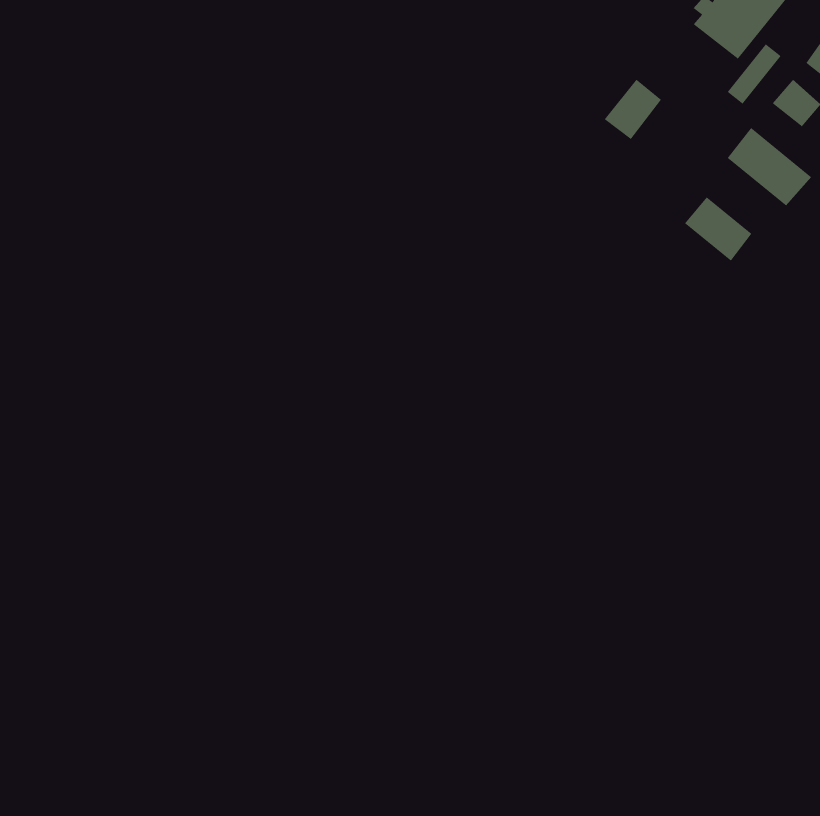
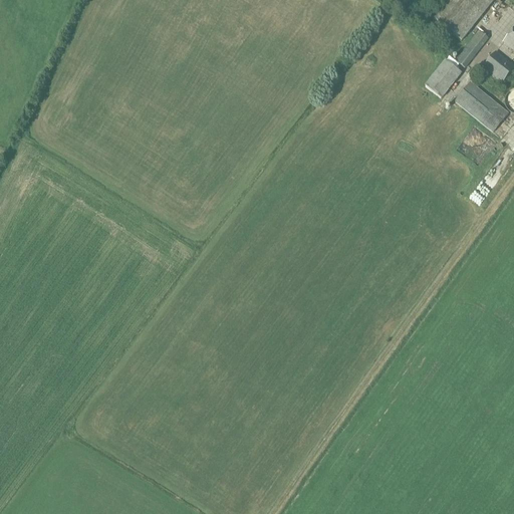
building: [604,79,662,140] -> [425,58,461,96]
building: [684,196,752,261] -> none

